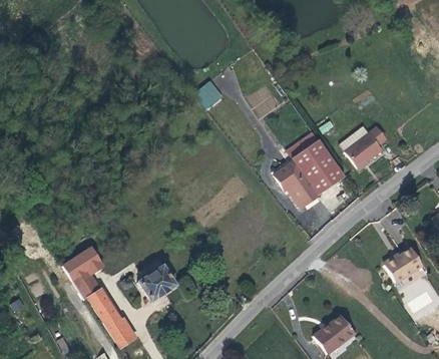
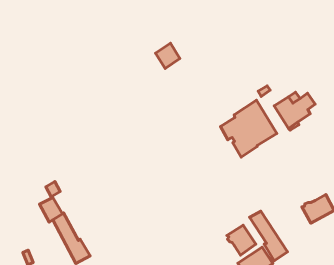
building: [139,267,174,301] -> none
building: none -> [250,211,288,261]
building: none -> [227,225,256,255]

